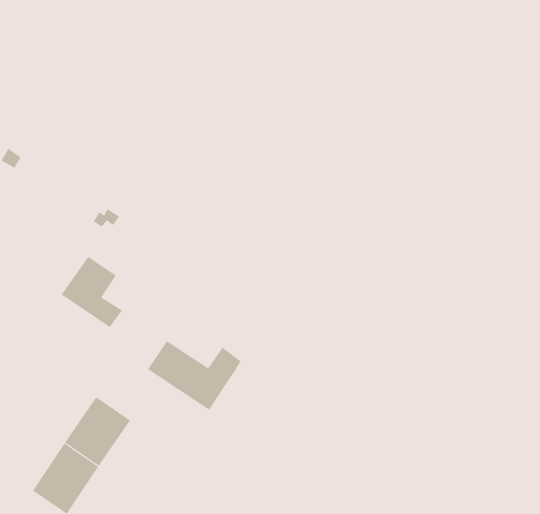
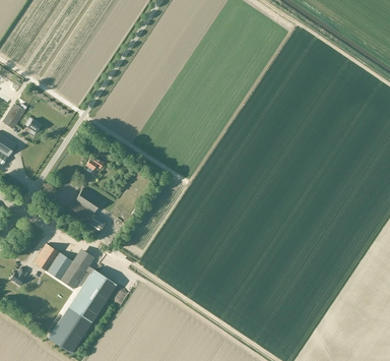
building: [147,341,241,411] -> [34,244,93,289]

